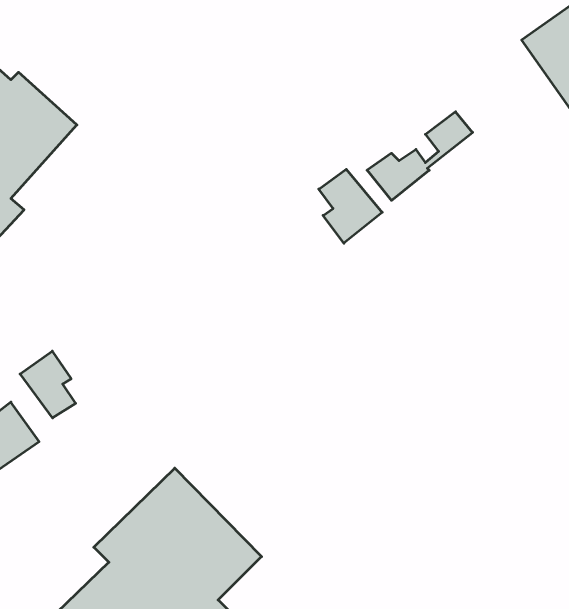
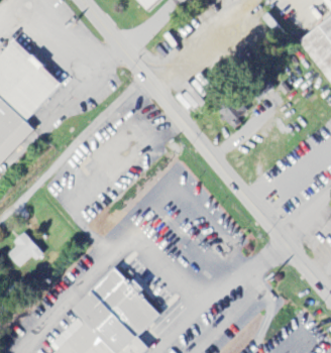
building: [319,169,382,243] -> none
building: [20,351,76,418] -> none

